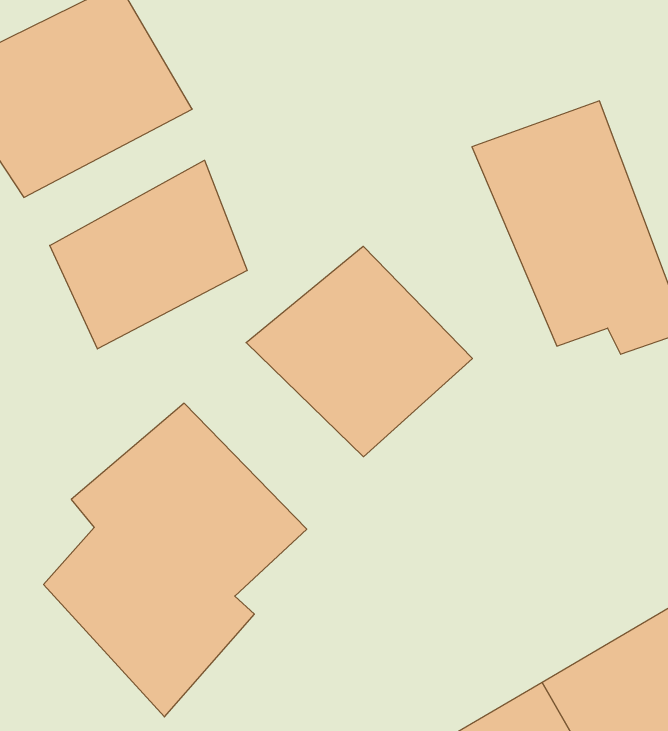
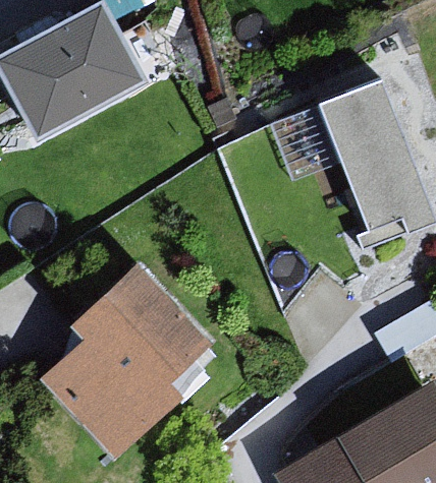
building: [50,160,247,349] -> none
building: [246,246,472,457] -> none

